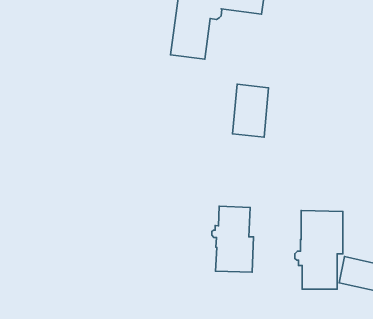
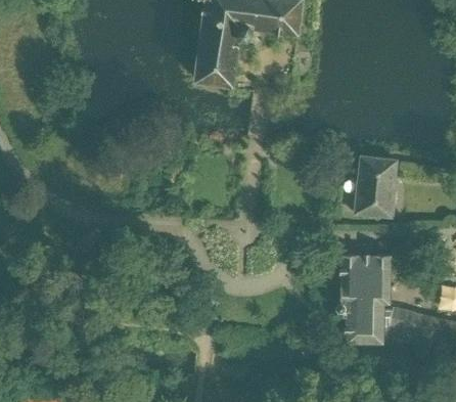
building: [233,84,269,137] -> [355,158,396,218]
building: [212,206,254,272] -> none

